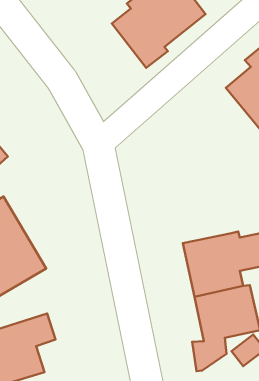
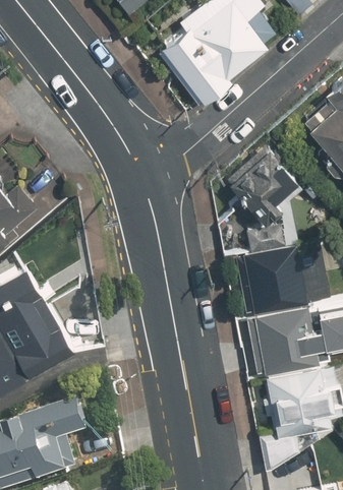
building: none -> [224,149,293,230]
building: none -> [236,232,329,319]

